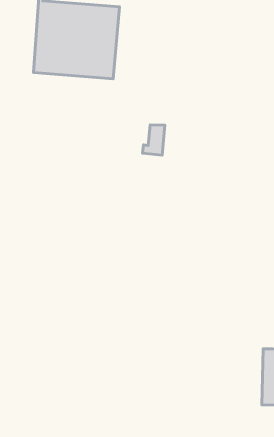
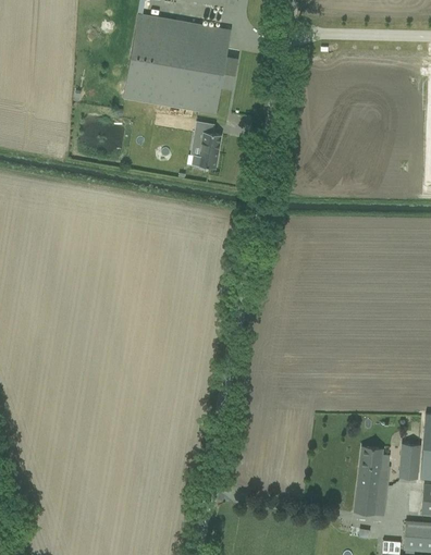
building: [142,125,165,155] -> [193,133,222,170]

